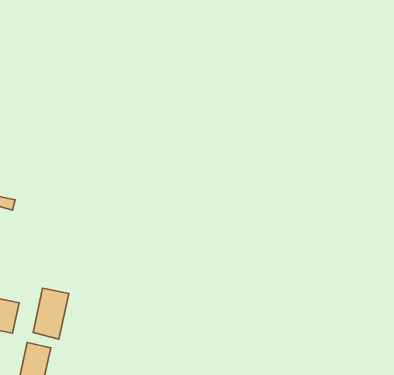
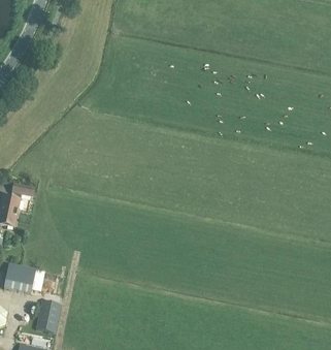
building: [33,288,69,339] -> none

